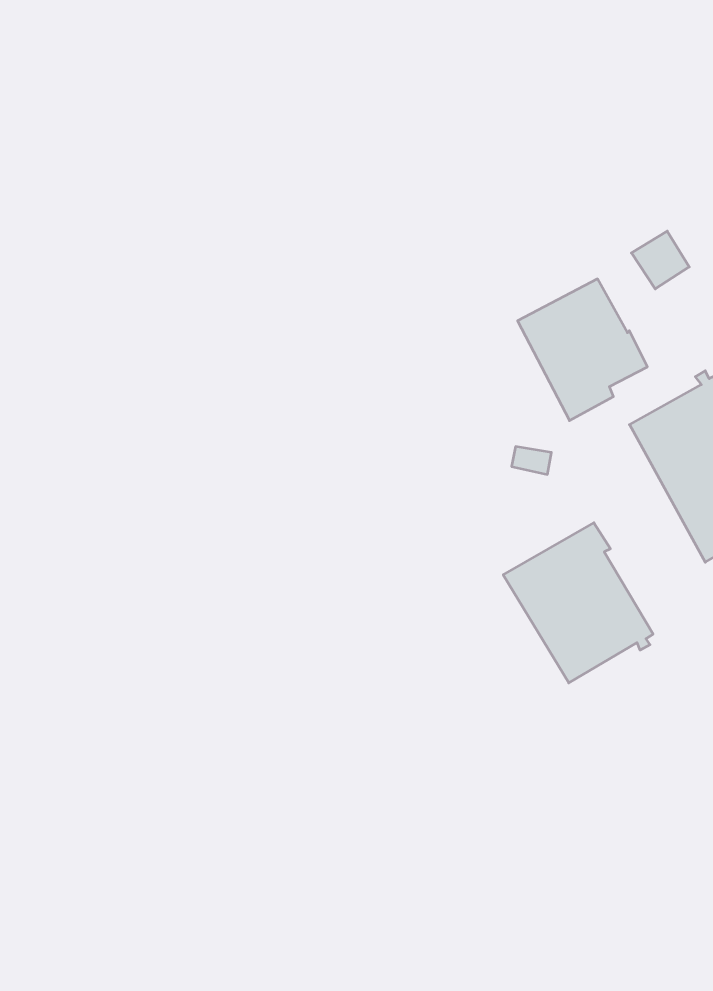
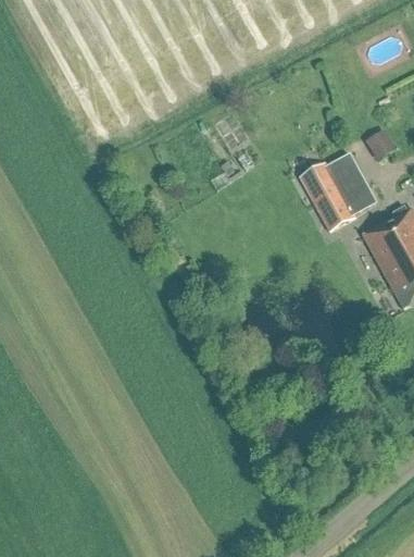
building: [503,523,653,683] -> none

